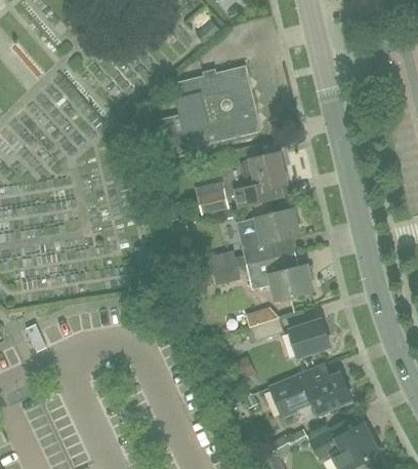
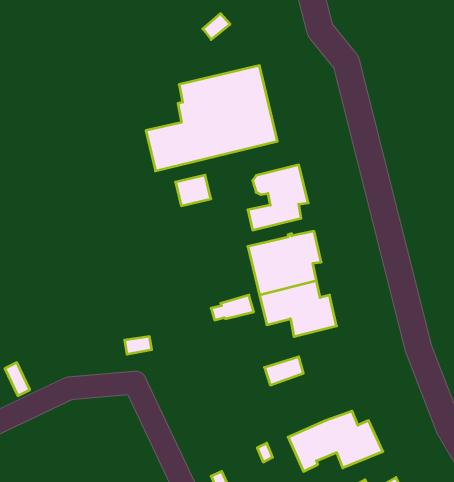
building: [198,188,228,214] -> [175,175,211,206]
building: [288,319,329,357] -> none

